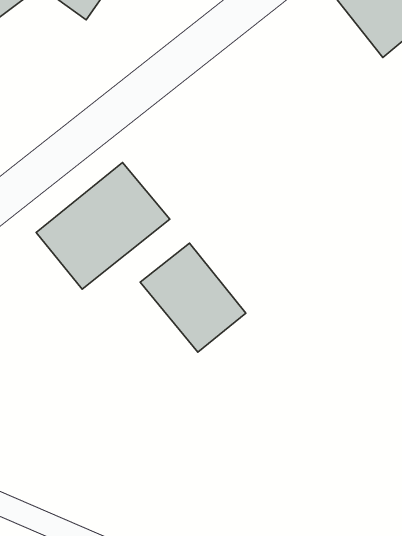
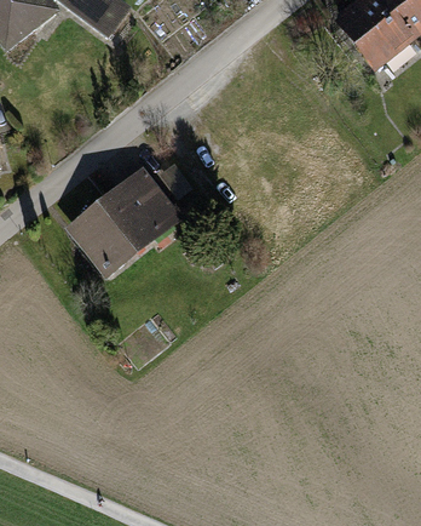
building: [140,243,246,352] -> none

